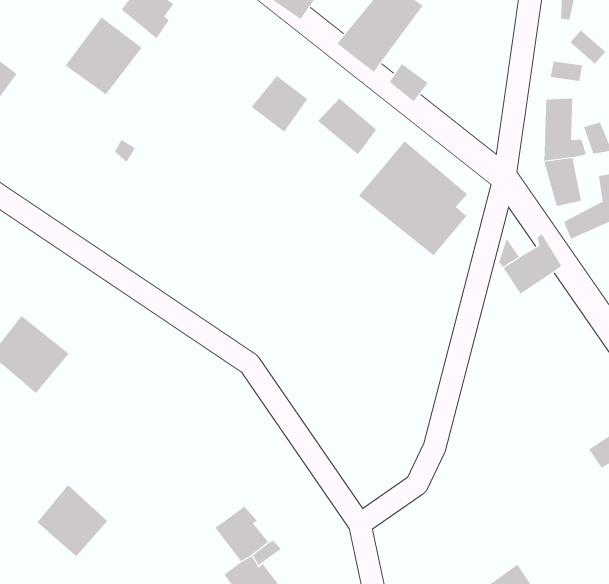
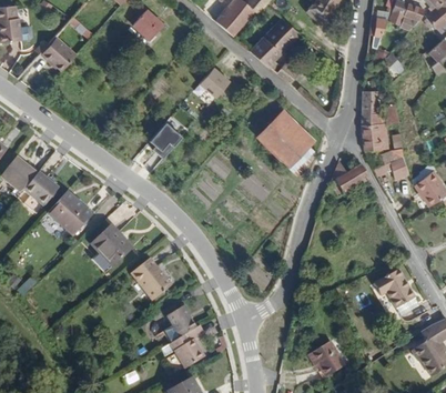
building: [65,16,142,95] -> none
building: [317,98,377,155] -> none
building: none -> [152,122,183,157]
building: none -> [131,258,170,299]
building: [36,484,108,557] -> [90,225,130,266]

